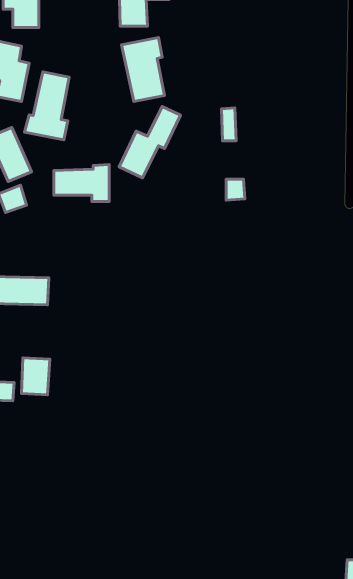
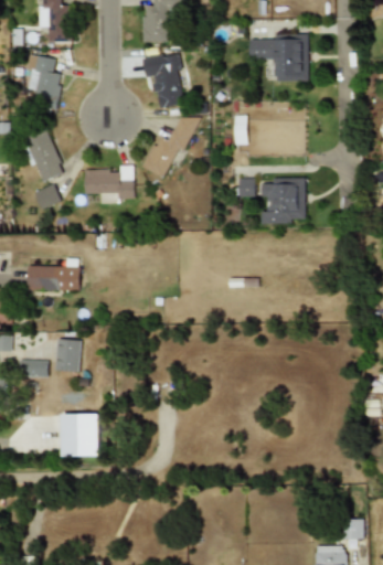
building: none -> [248,34,308,81]
building: [24,72,69,140] -> none
building: none -> [260,178,306,224]
building: none -> [62,414,99,457]

